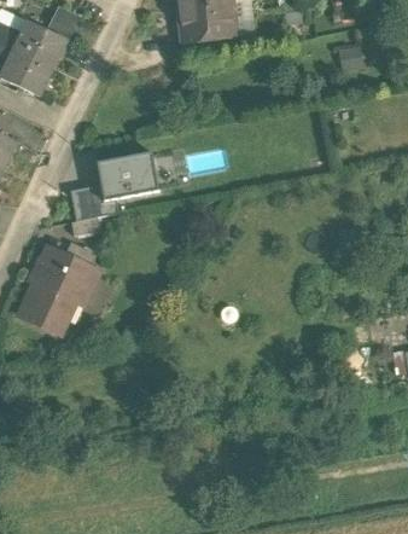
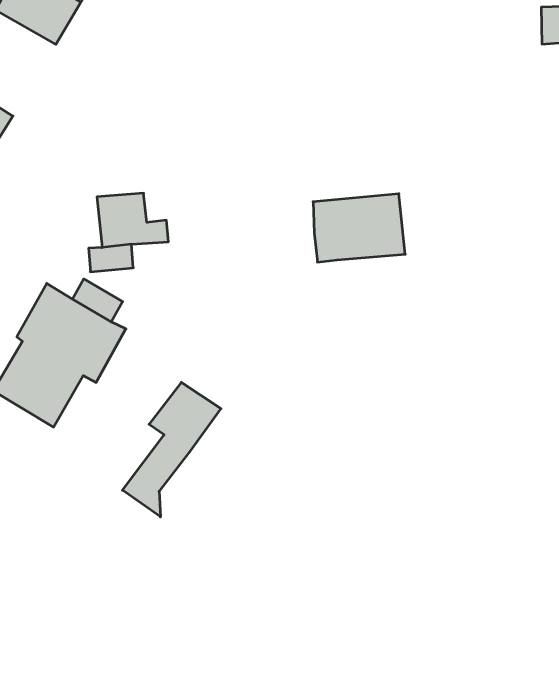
building: [99,155,159,202] -> [313,194,405,262]
building: none -> [122,382,221,517]

